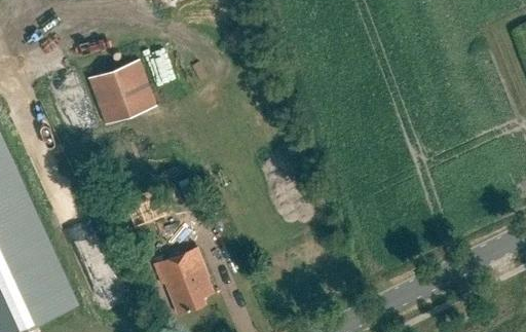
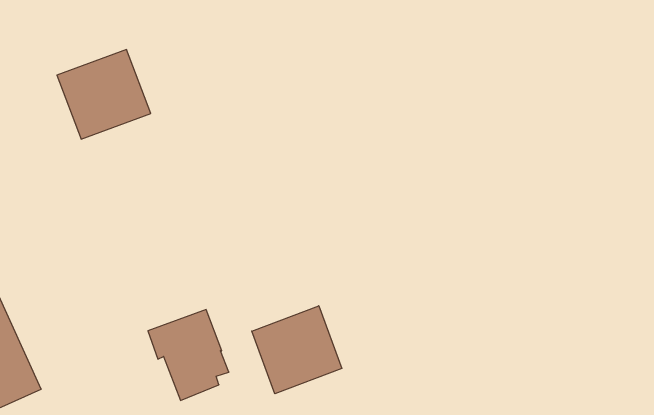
building: none -> [252,306,342,394]

